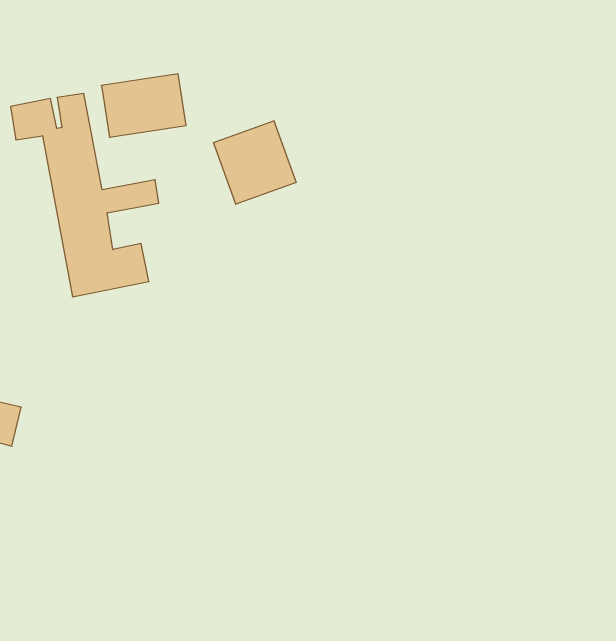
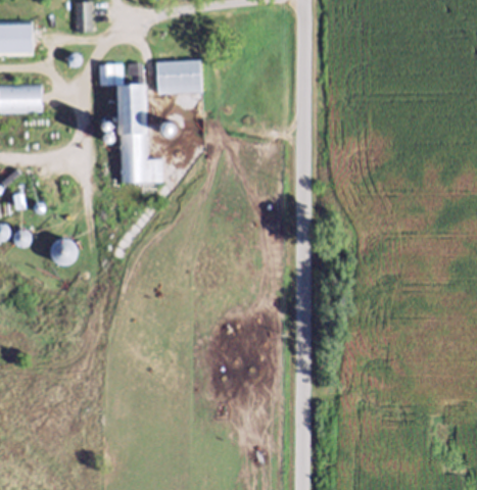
building: [214,121,296,204] -> none

